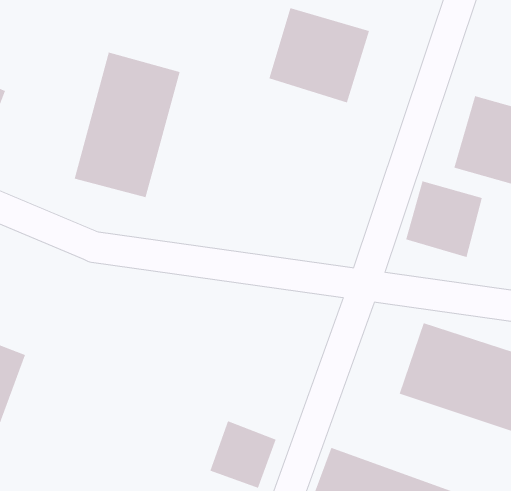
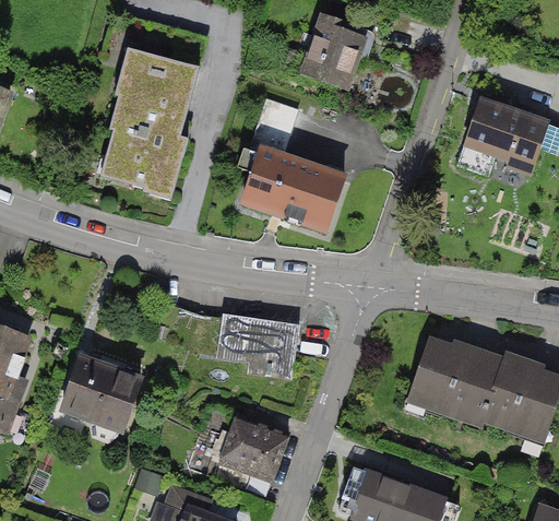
building: none -> [240,97,344,227]
building: [406,181,483,258] -> none
building: none -> [217,312,300,375]
building: none -> [57,365,148,448]

